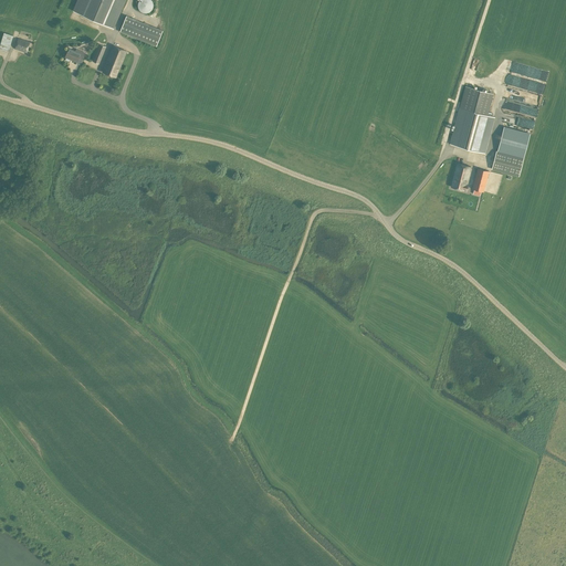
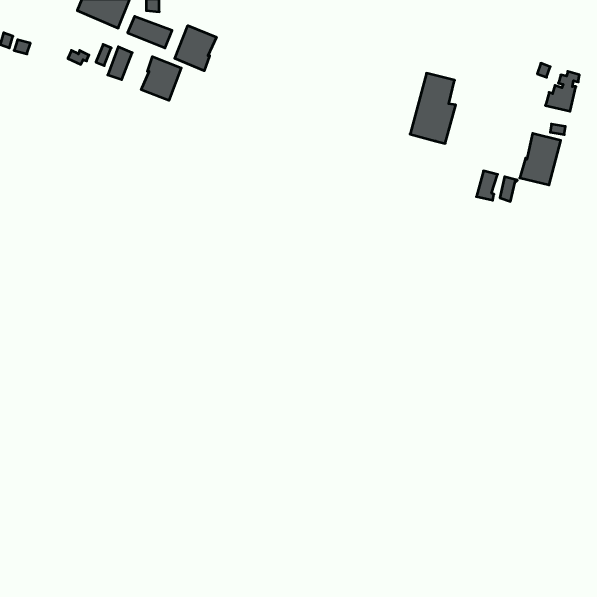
building: none -> [175,26,216,71]
building: none -> [141,57,181,100]
building: [450,85,493,151] -> [410,73,456,143]

